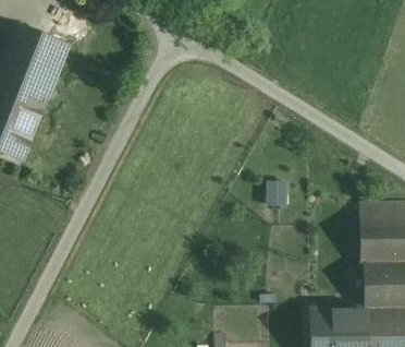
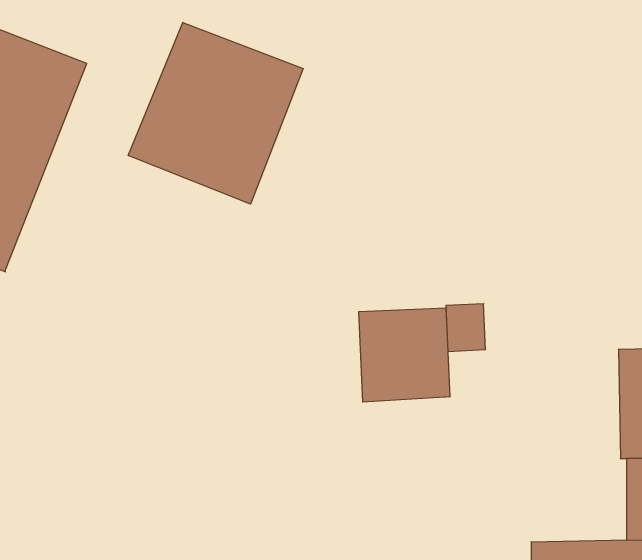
building: none -> [128,22,303,204]
building: none -> [359,308,450,402]

